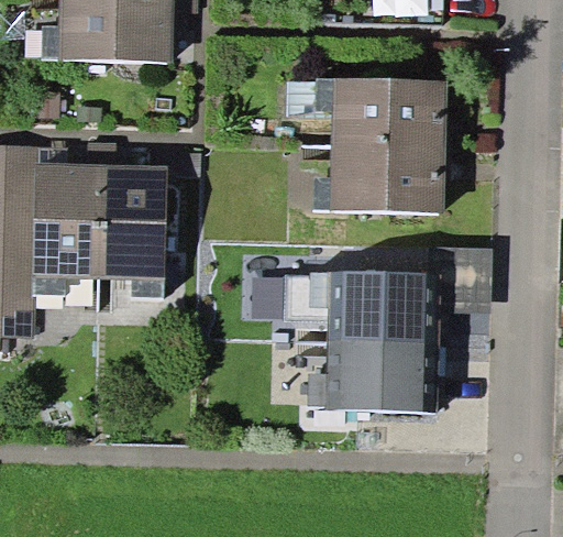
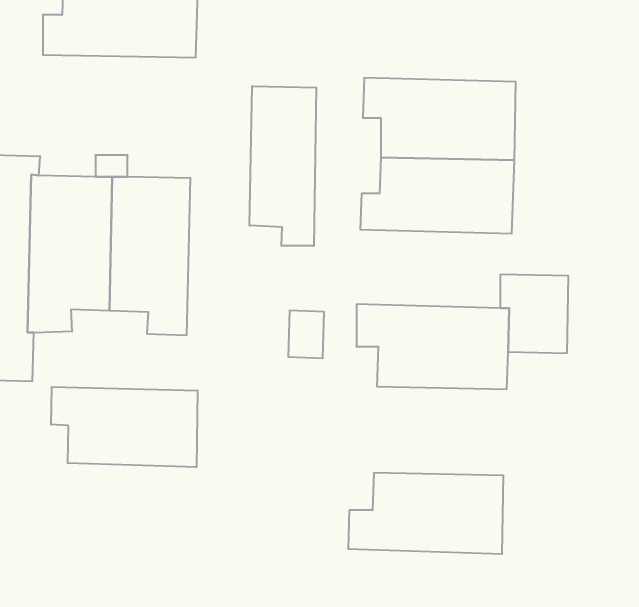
building: none -> [250,86,316,246]
building: [305,342,438,412] -> [348,473,504,554]
building: none -> [51,387,198,467]

